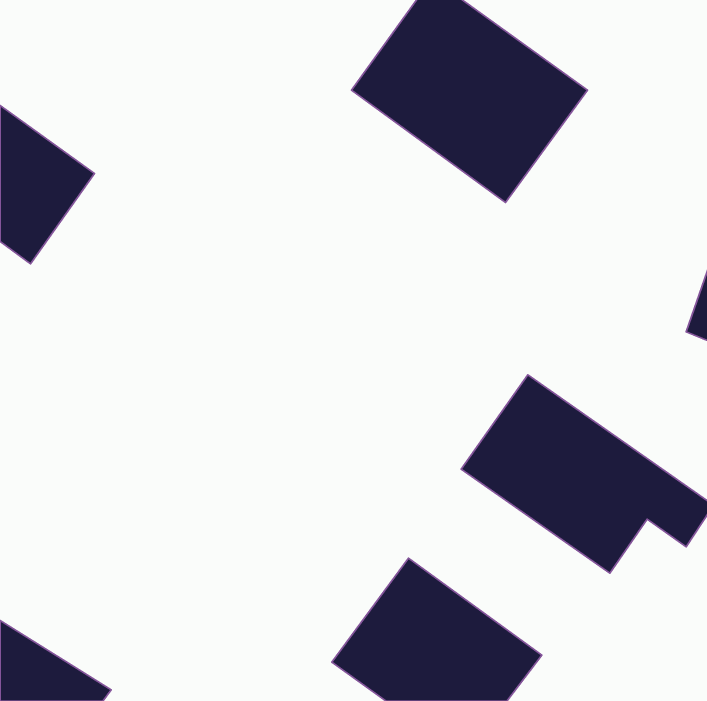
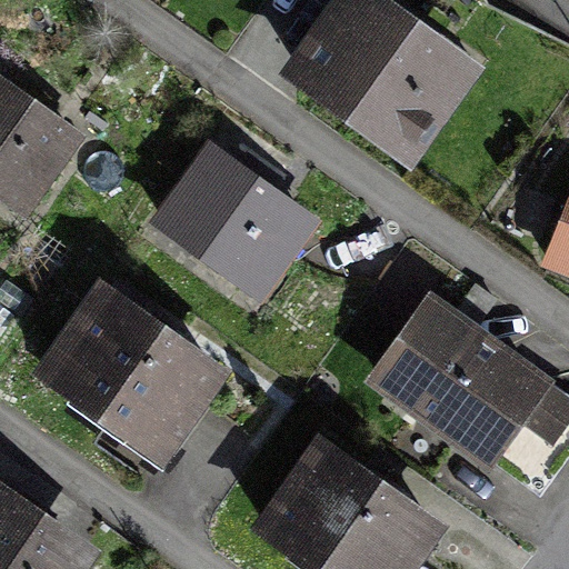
building: none -> [152,143,315,299]
building: none -> [48,293,222,460]

